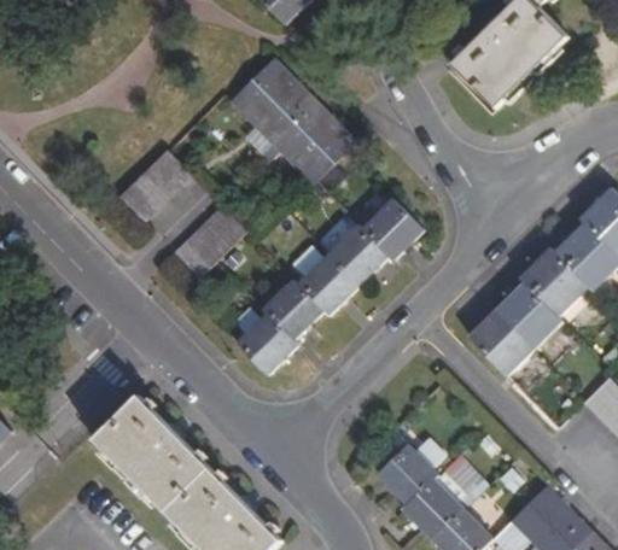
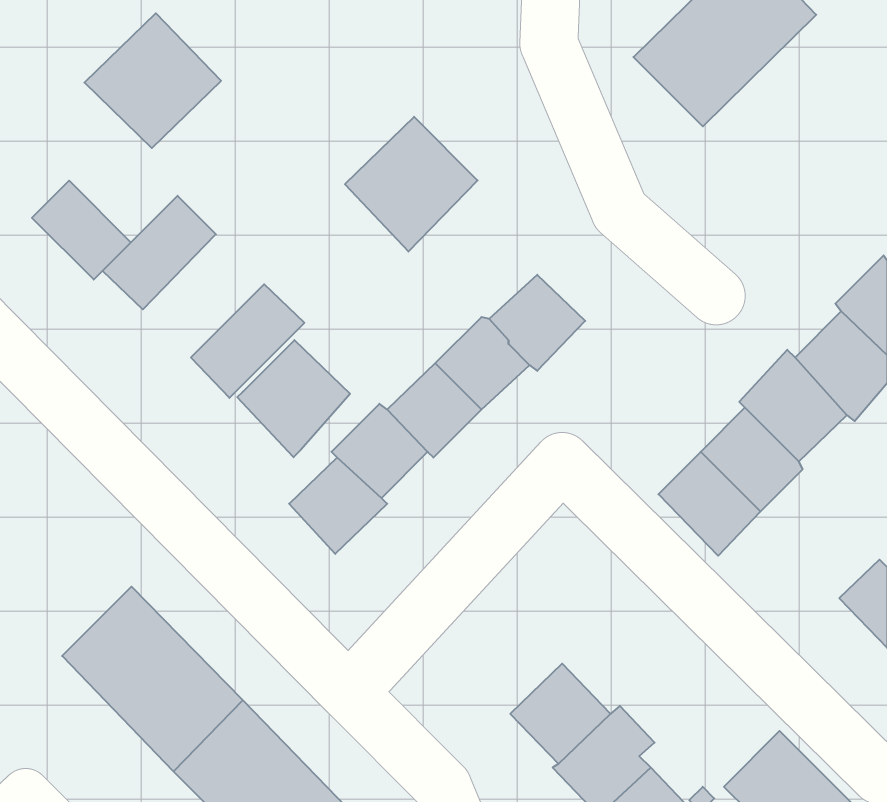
building: [229,59,315,144] -> [84,13,221,148]
building: none -> [32,181,131,280]
building: none -> [237,340,350,457]

